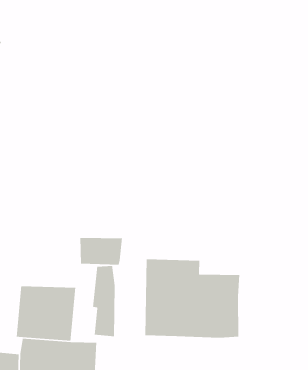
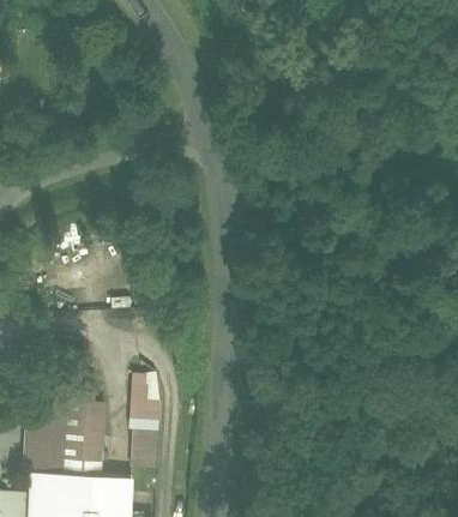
building: [80,237,123,266] -> none
building: [145,259,240,338] -> none

